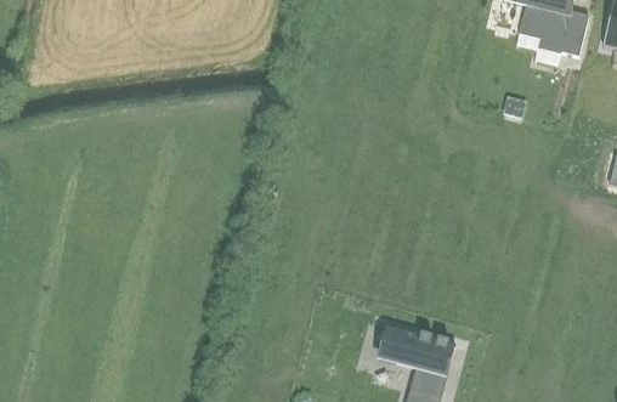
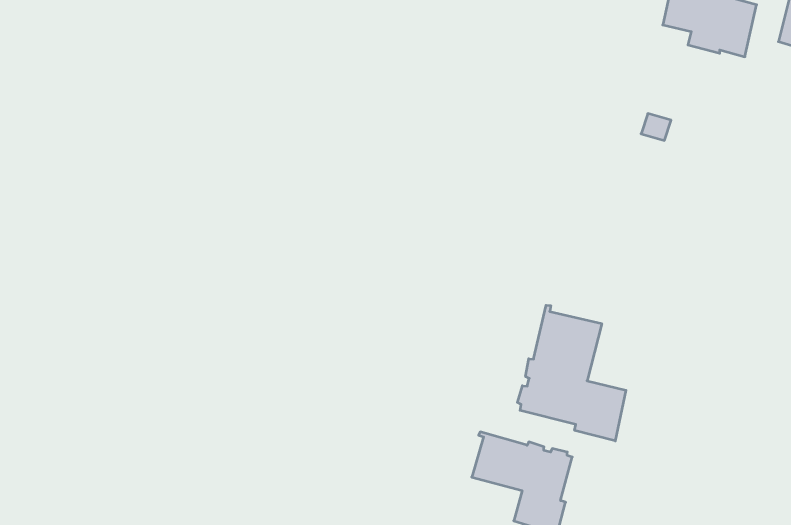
building: none -> [517,305,626,441]

